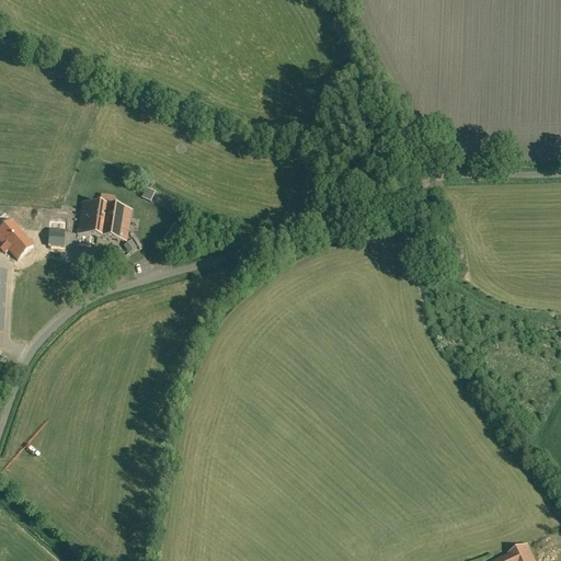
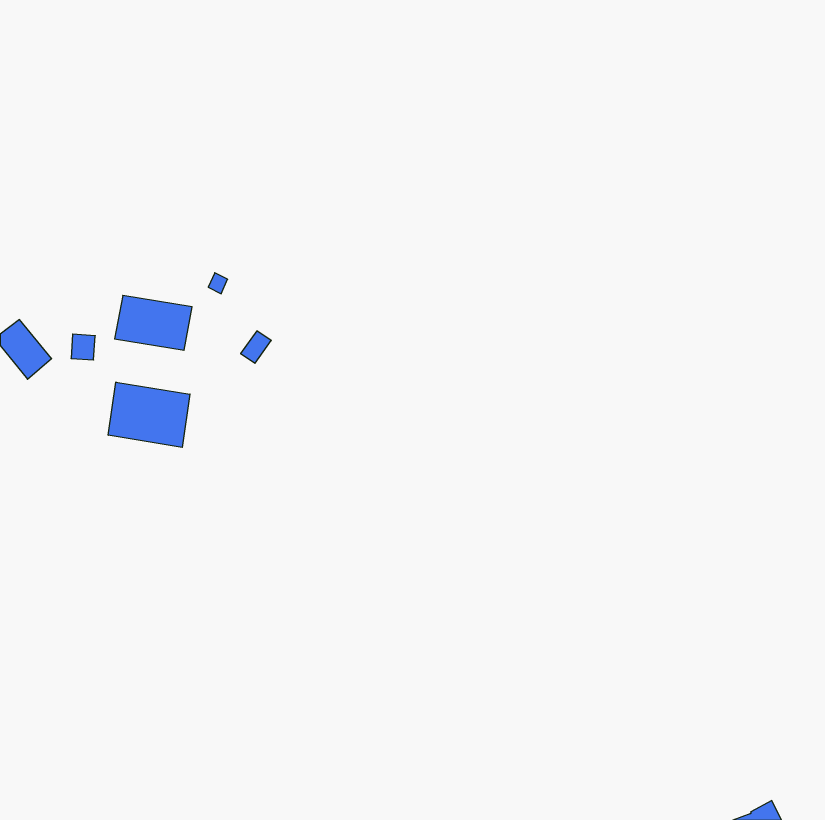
building: none -> [108,382,190,447]

